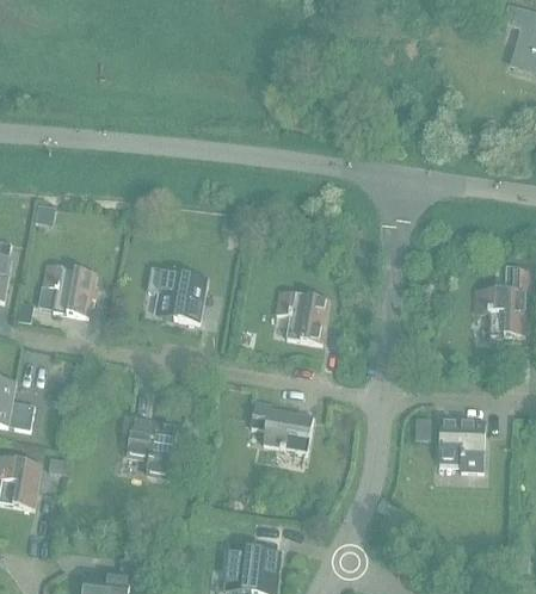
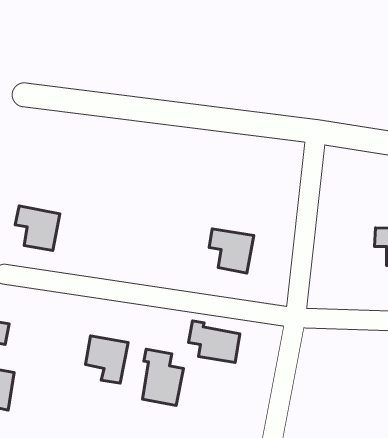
building: [146,266,205,321] -> none
building: [437,417,483,470] -> none
building: none -> [142,349,183,405]

